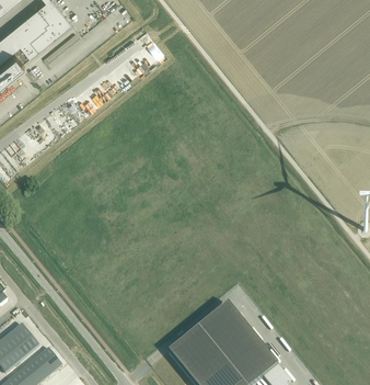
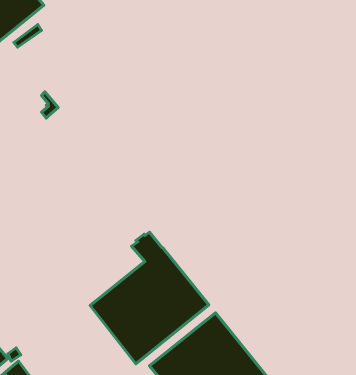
building: none -> [90,232,209,364]

